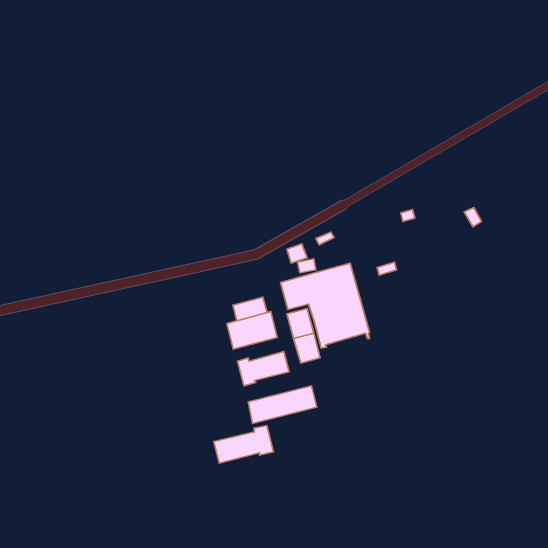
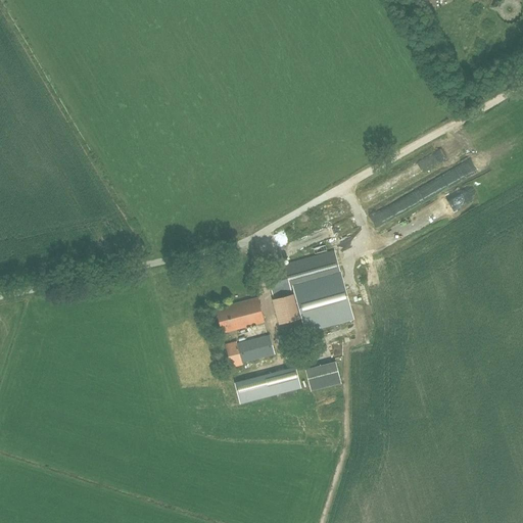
building: [233,297,267,321] -> none
building: none -> [306,362,343,389]
building: [214,426,273,463] -> none

